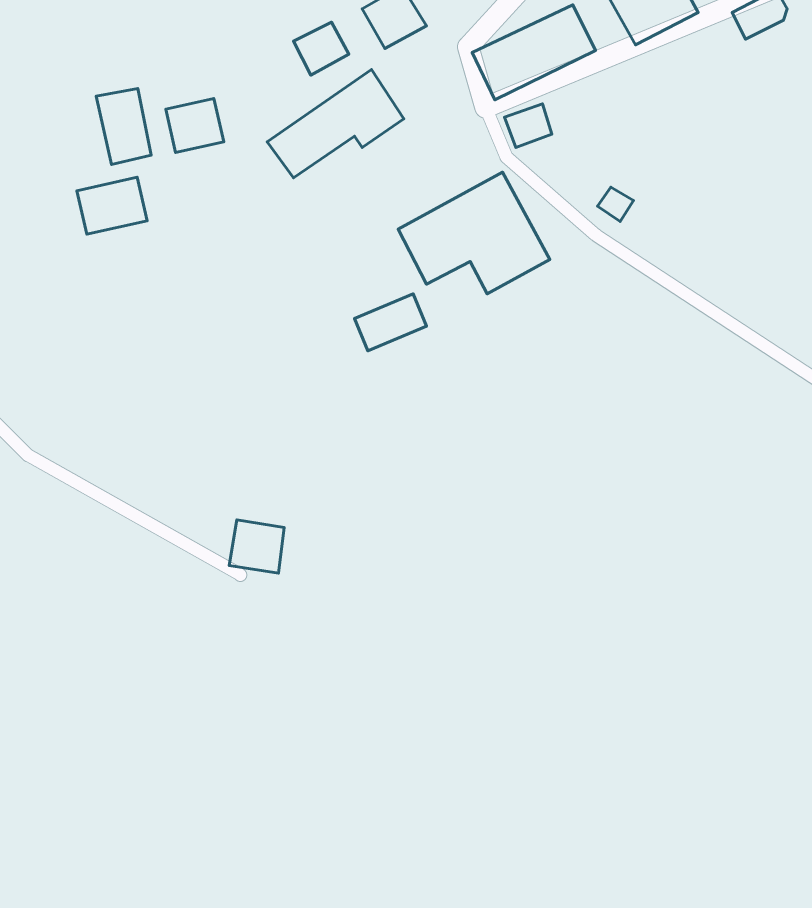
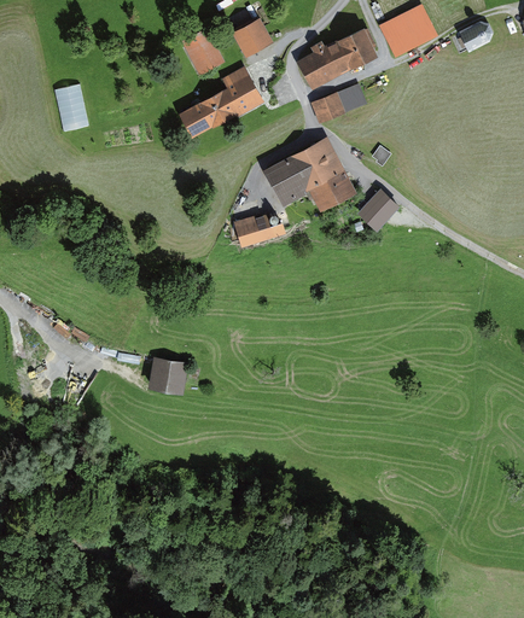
building: [166,98,224,153] -> none
building: [77,177,147,234] -> none
building: none -> [362,188,396,222]

